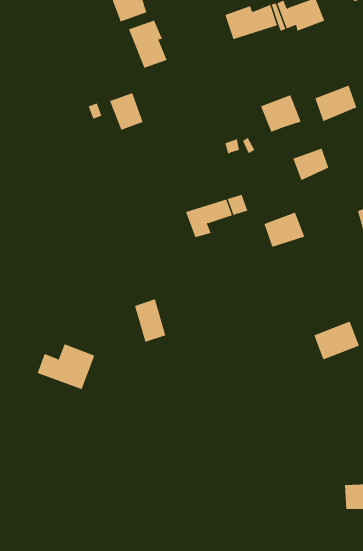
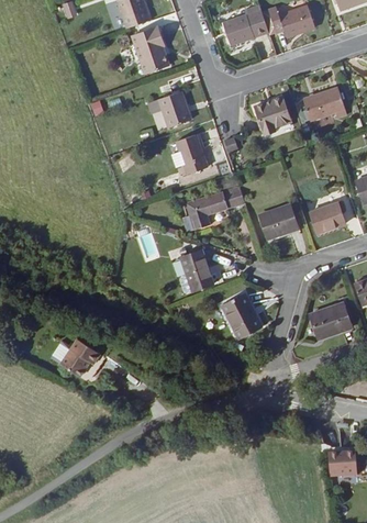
building: [109,92,143,130] -> [159,90,191,125]
building: none -> [171,132,208,171]
building: [293,148,329,181] -> [310,200,344,231]
building: [134,299,166,342] -> [179,247,209,288]
building: none -> [216,291,255,335]

